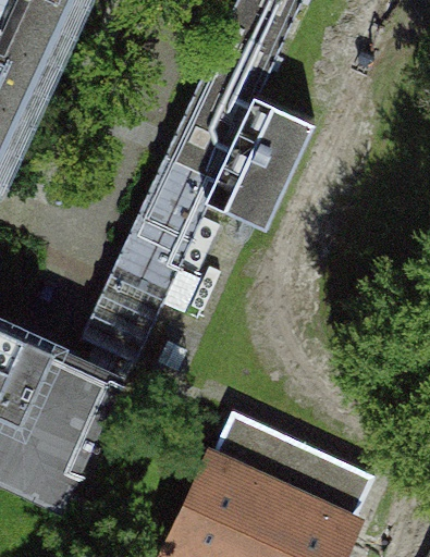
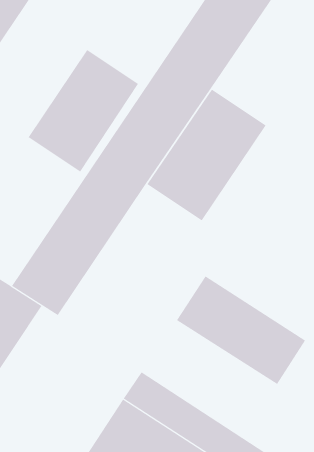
building: none -> [28,49,139,172]
building: none -> [176,275,306,385]

